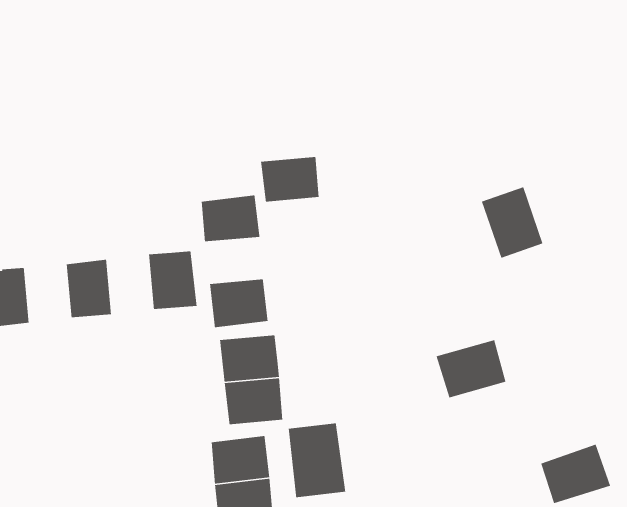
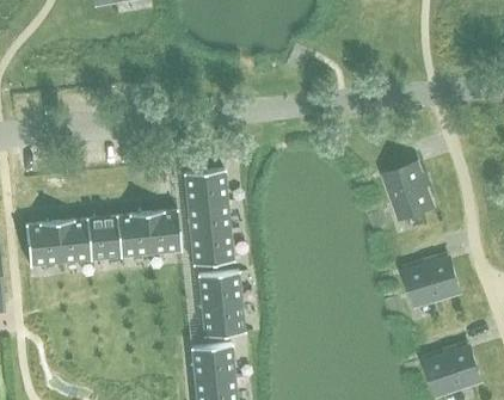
building: [260,156,319,202] -> [185,201,228,234]
building: none -> [115,213,148,257]
building: none -> [55,220,88,263]
building: [436,339,506,399] -> [407,261,459,304]
building: [288,423,346,498] -> none

